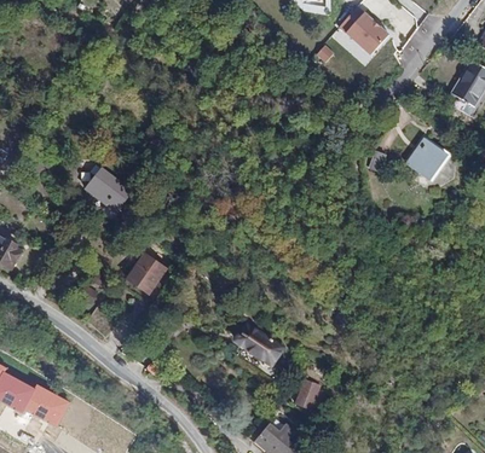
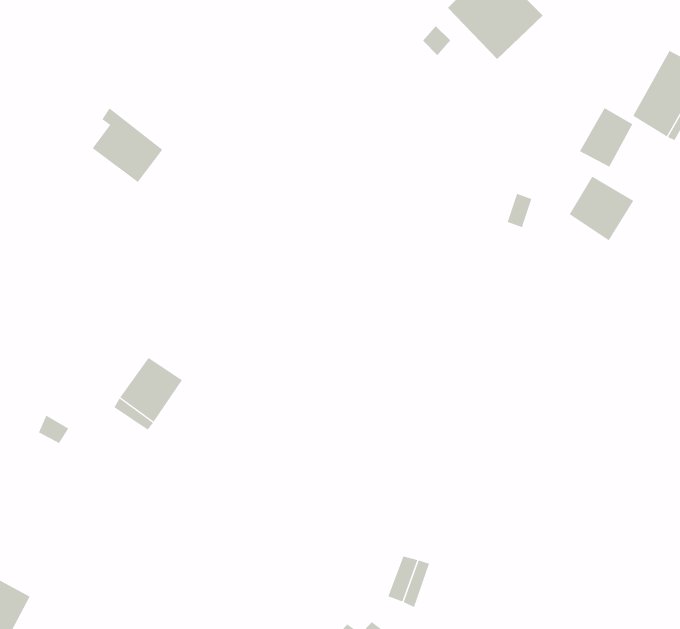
building: none -> [579,107,633,167]
building: [86,163,131,210] -> [92,108,163,183]
building: [235,325,281,364] -> none

